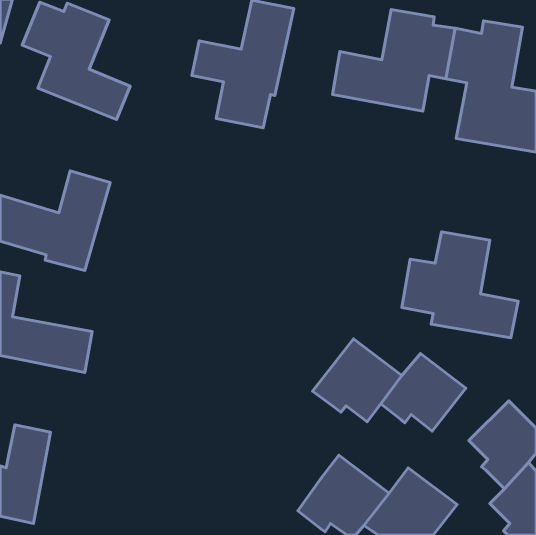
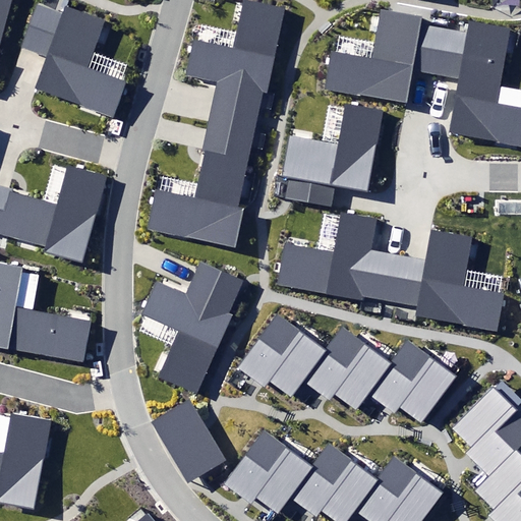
building: none -> [282,104,382,205]
building: none -> [150,115,255,243]
building: none -> [277,209,398,298]
building: none -> [142,262,243,394]
building: none -> [236,315,326,399]
building: none -> [151,400,227,481]
building: none -> [223,428,311,512]

